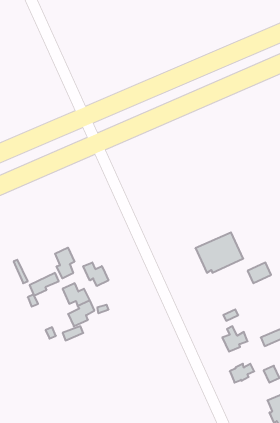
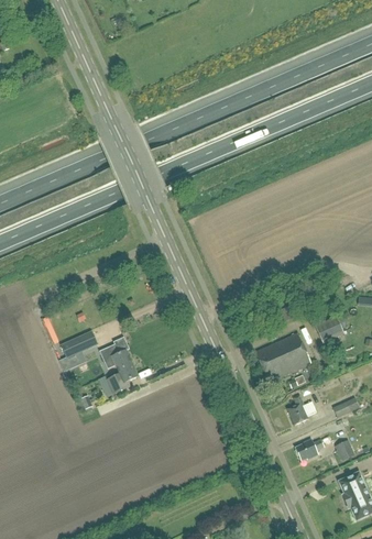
building: [195,232,243,273] -> [254,332,310,380]
building: [55,248,74,278] -> none
building: [83,262,108,286] -> none

